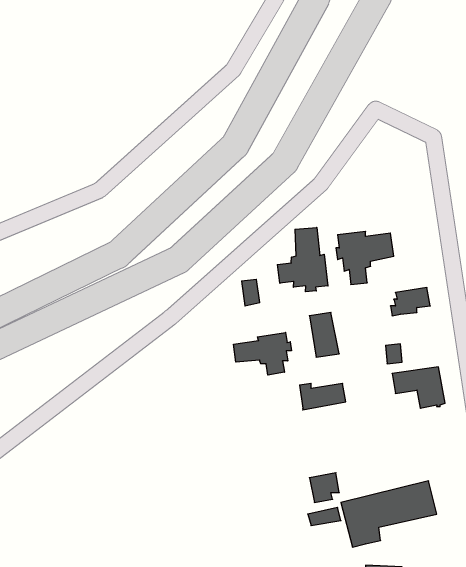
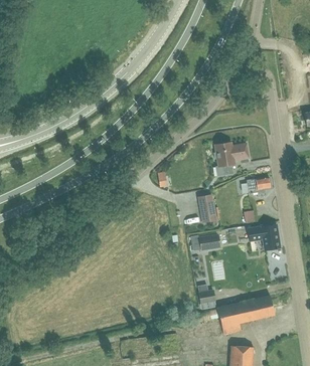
building: [277,227,328,292] -> none
building: [234,332,291,375] -> none

